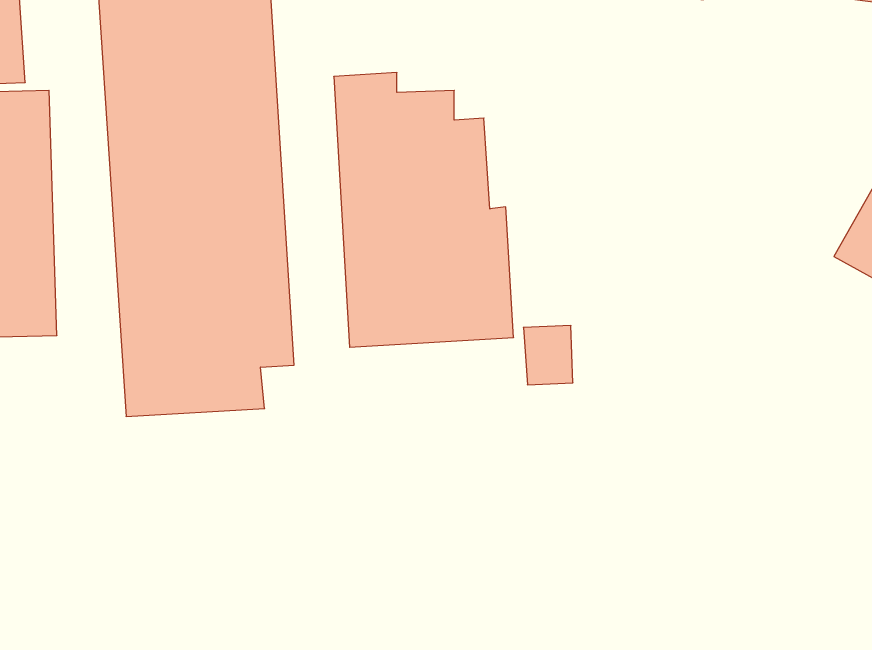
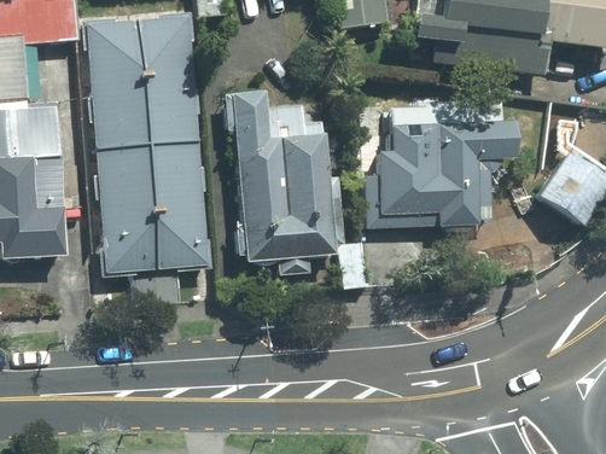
building: none -> [369,94,512,225]

